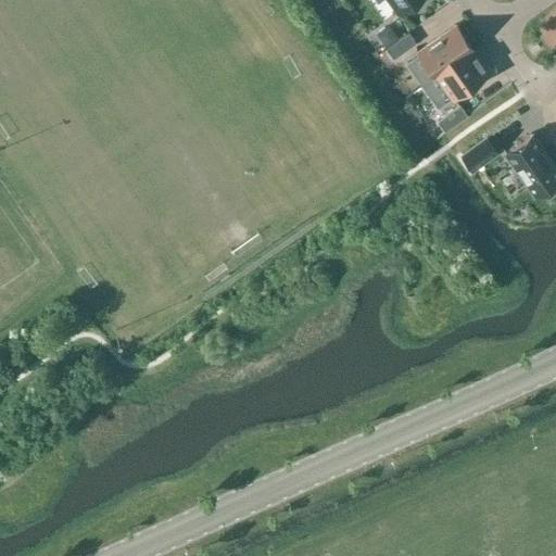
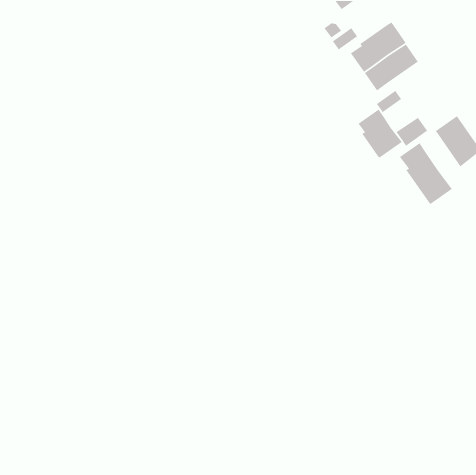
building: none -> [357,109,403,159]
building: none -> [399,142,453,205]

